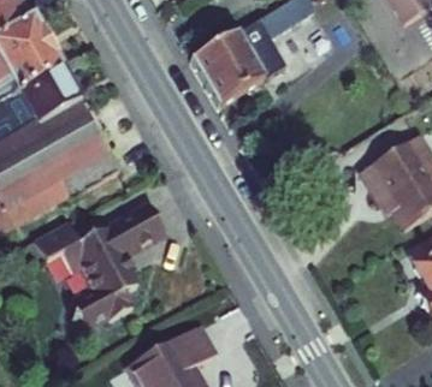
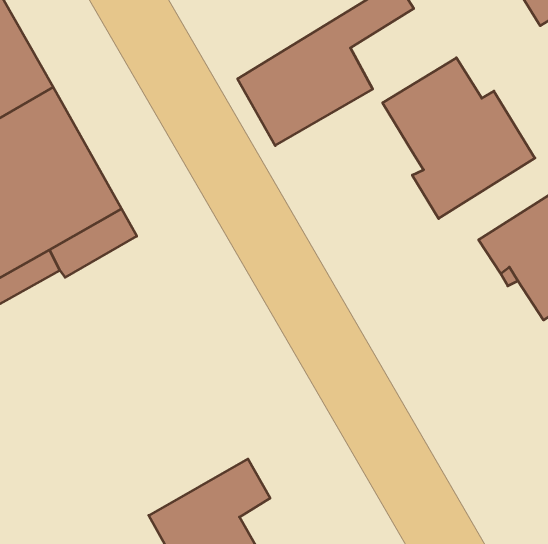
building: none -> [383,58,535,219]
building: [34,203,166,328] -> none

